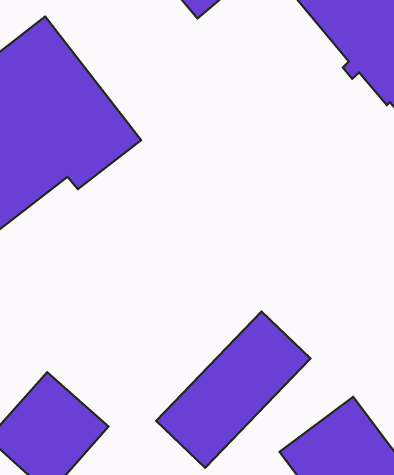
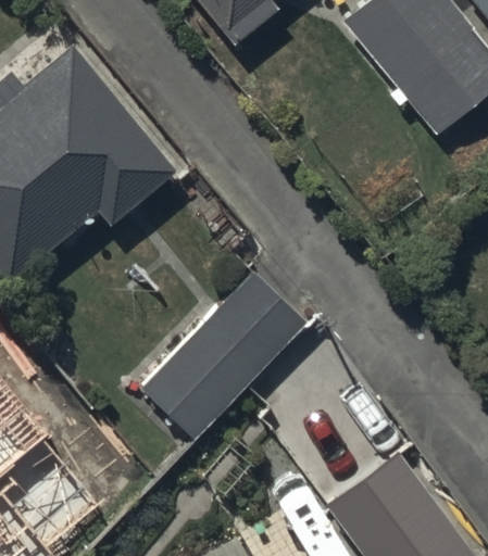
building: [156,311,311,468] -> [141,273,305,439]

